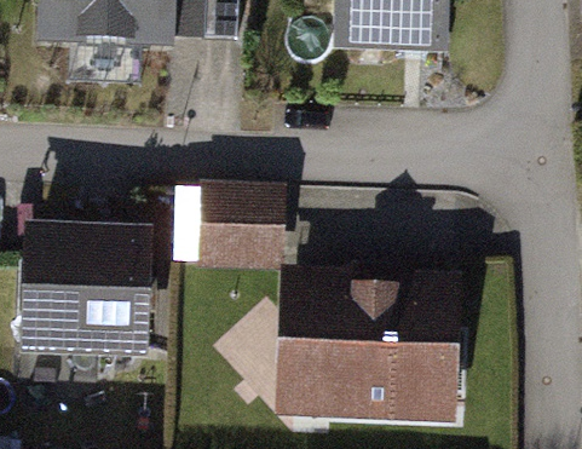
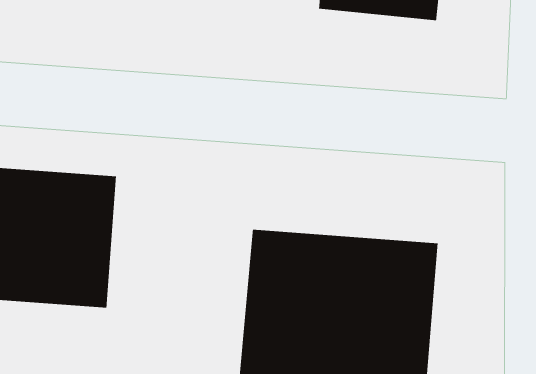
building: [207,177,284,270] -> none

